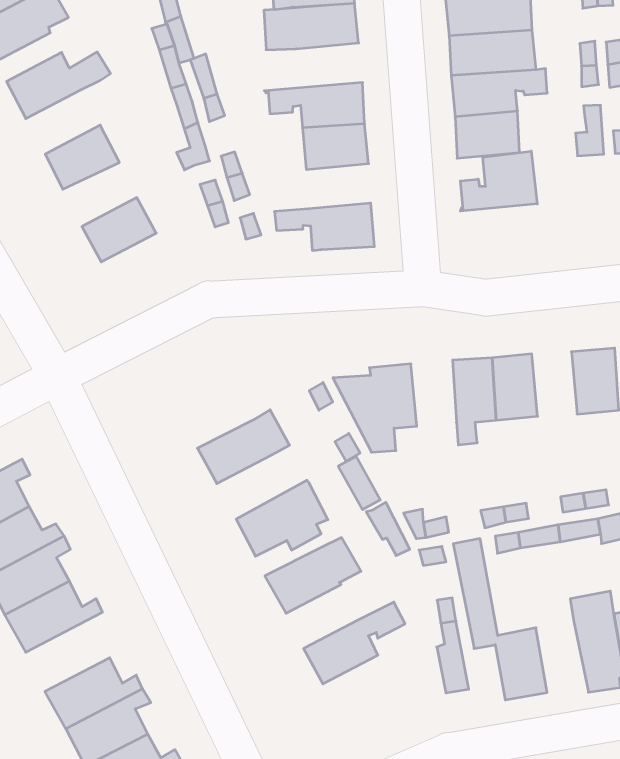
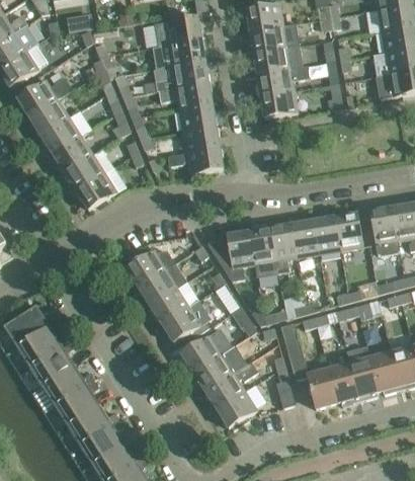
building: none -> [153,60,209,90]
building: none -> [28,98,69,135]
building: [460,151,537,211] -> none
building: none -> [52,136,92,172]
building: none -> [182,125,219,152]
building: none -> [76,166,126,210]
building: none -> [313,217,340,253]
building: none -> [248,227,277,276]
building: none -> [124,248,174,287]
building: none -> [149,280,197,323]
building: none -> [192,353,232,390]
building: none -> [54,380,99,425]
building: none -> [328,363,359,405]
building: none -> [216,390,256,429]

